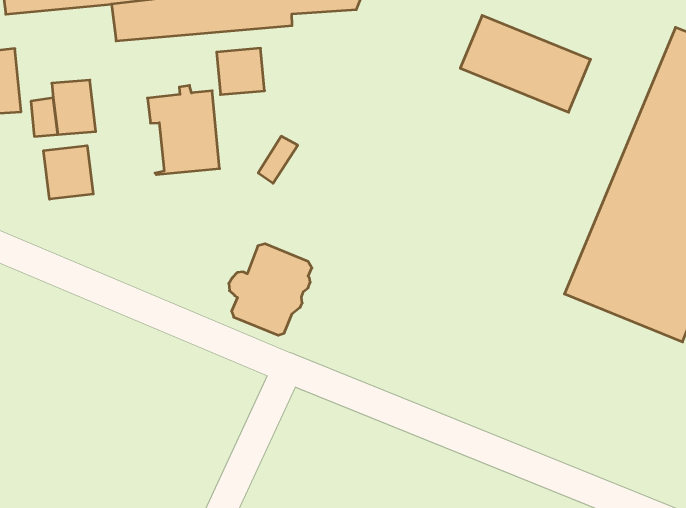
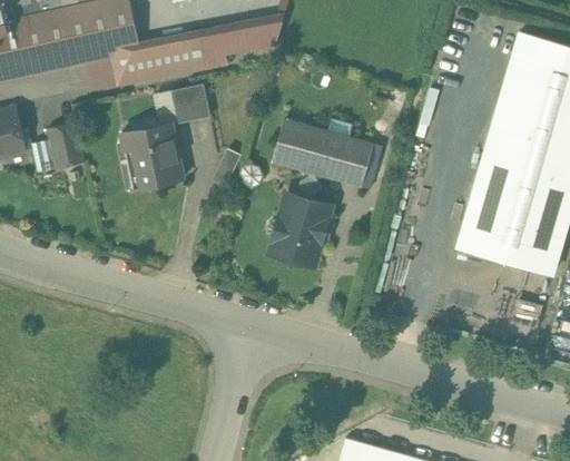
building: [460,15,591,112] -> [273,119,372,186]
building: [44,146,93,199] -> none
building: [229,244,312,335] -> [267,195,330,264]

